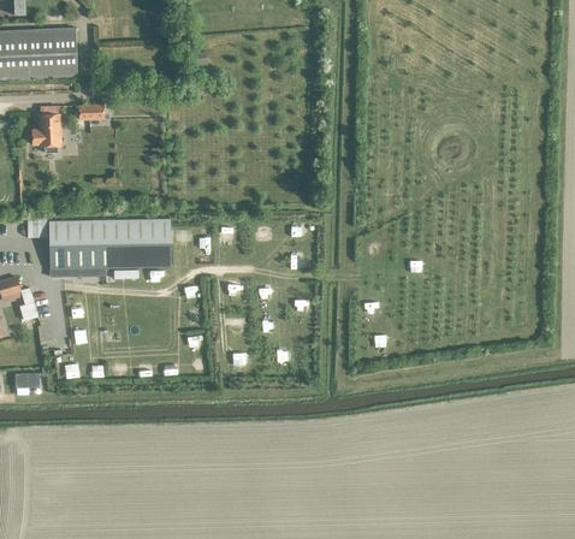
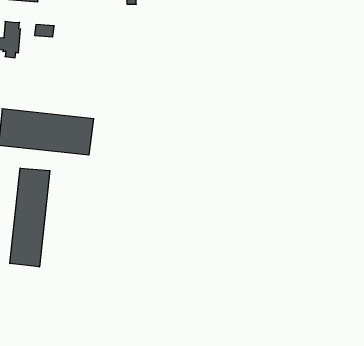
building: none -> [10,168,50,267]

